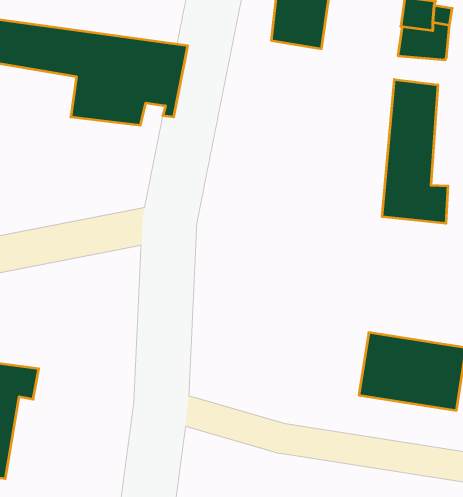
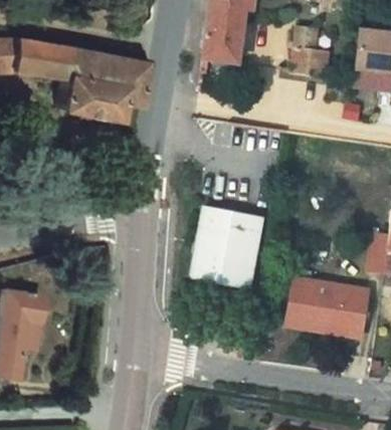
building: [382,79,448,223] -> none
building: none -> [186,195,259,279]

